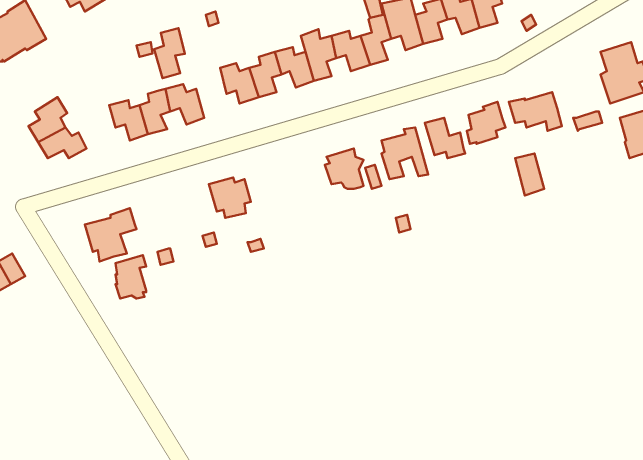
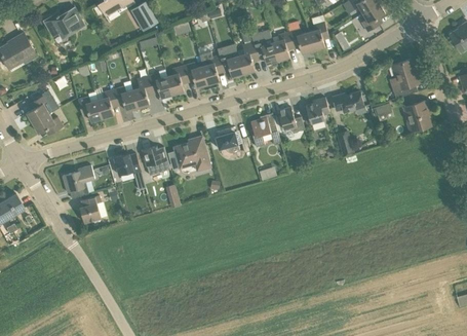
building: [154,28,185,78] -> [132,76,152,108]
building: none -> [173,137,210,173]
building: none -> [113,154,141,177]

